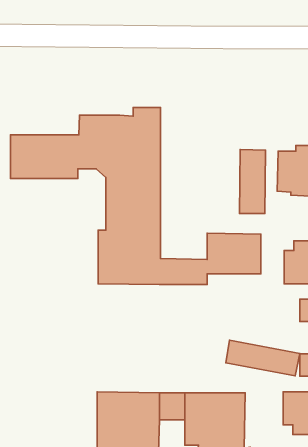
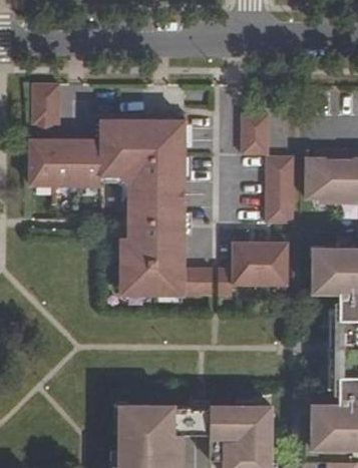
building: none -> [32,84,59,124]
building: none -> [242,113,269,153]
building: [226,340,300,376] -> none

